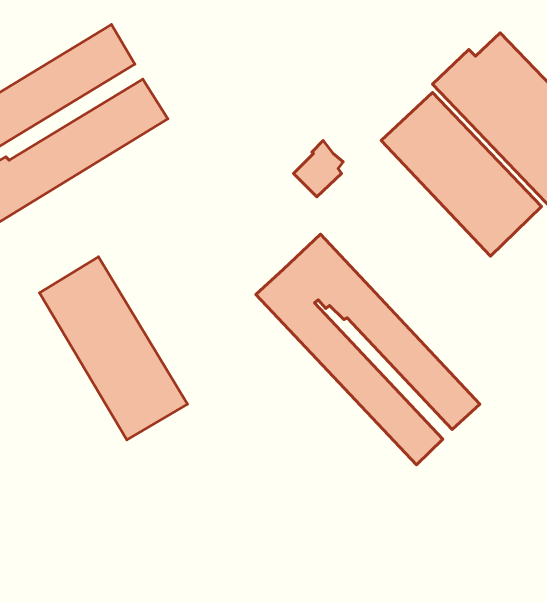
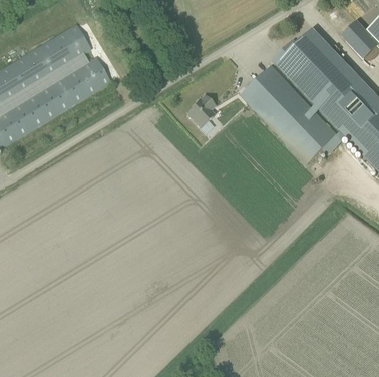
building: [256,234,480,465] -> none
building: [39,257,188,440] -> none

